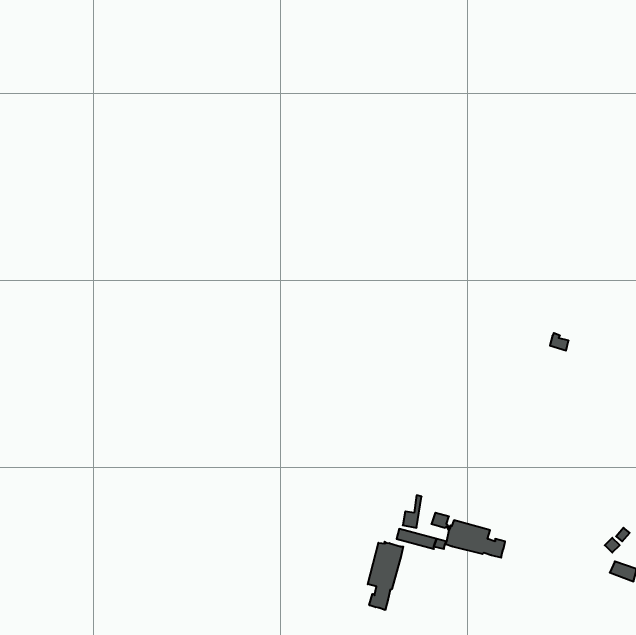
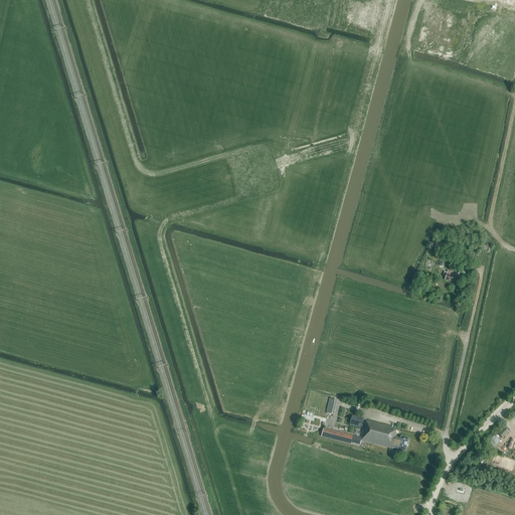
building: [368,542,403,610] -> none

